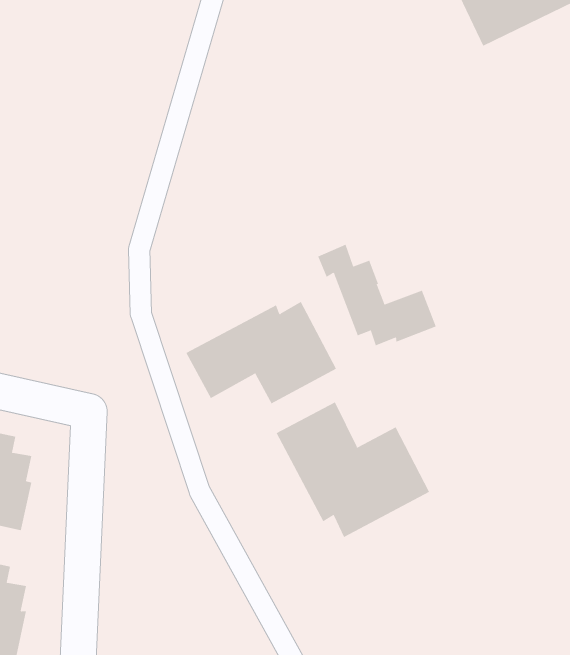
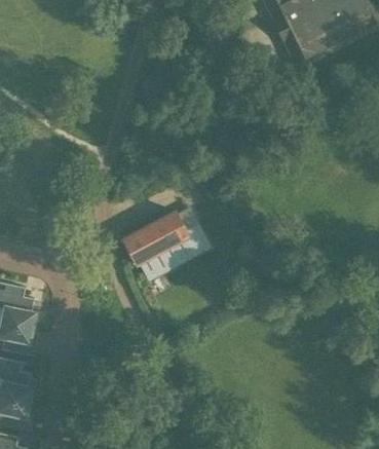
building: [317,244,436,346] -> none
building: [276,402,430,538] -> none

